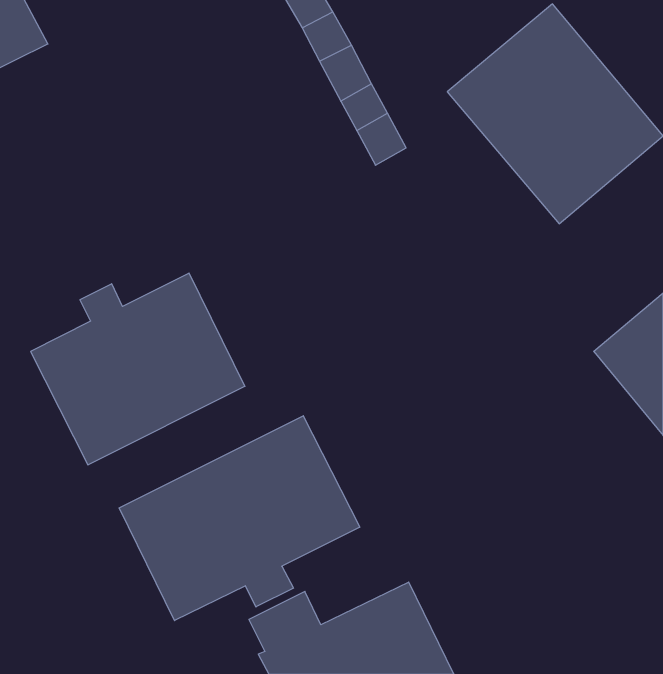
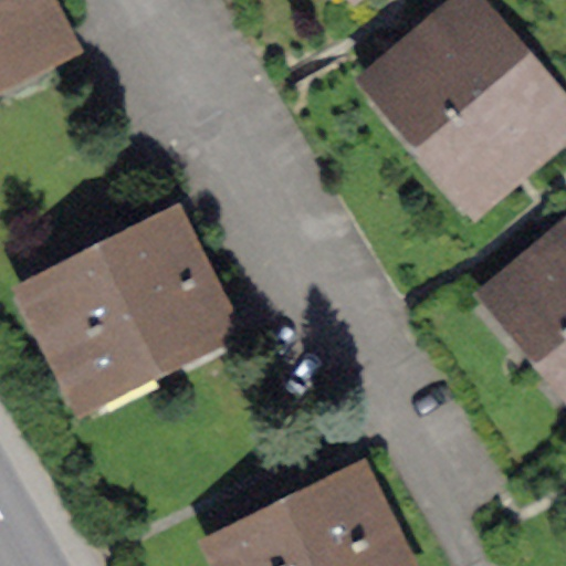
building: [119,416,360,621] -> none

